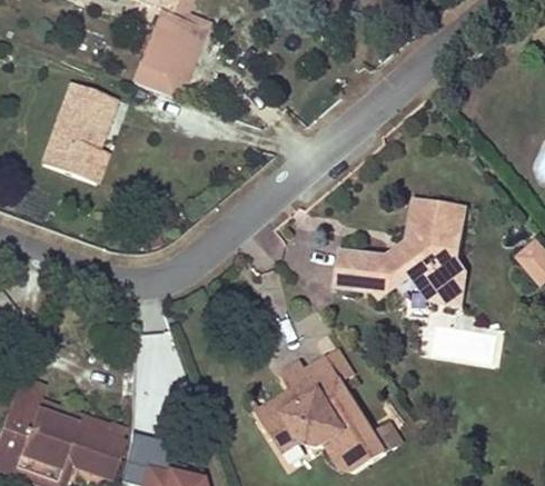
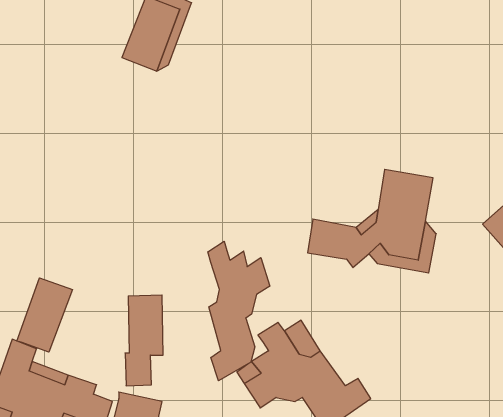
building: [41,81,117,182] -> none
building: none -> [208,241,270,381]
building: none -> [17,278,72,352]

